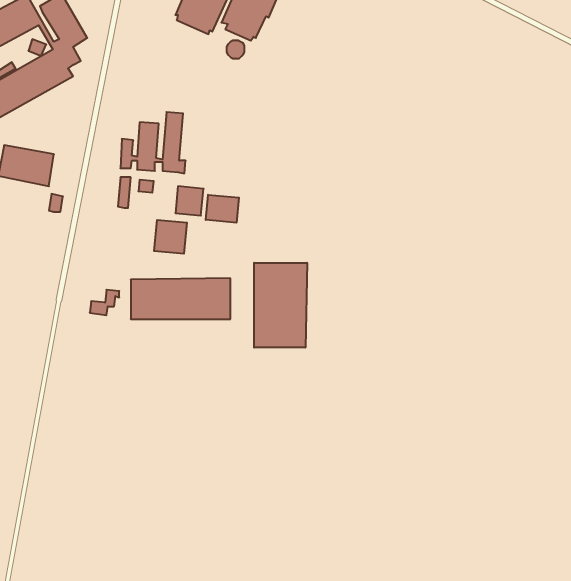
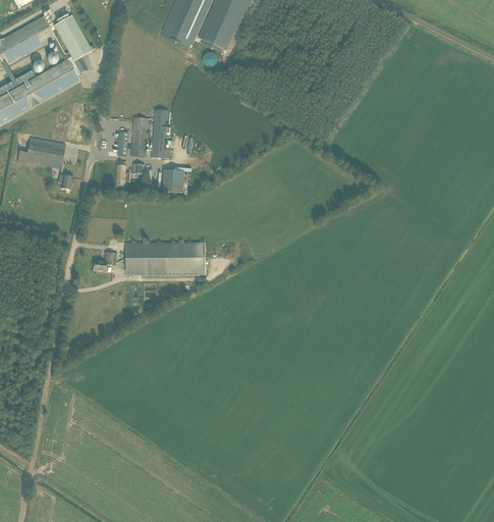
building: [206,195,239,223] -> none
building: [154,220,187,254] -> none
building: [254,263,307,348] -> none

